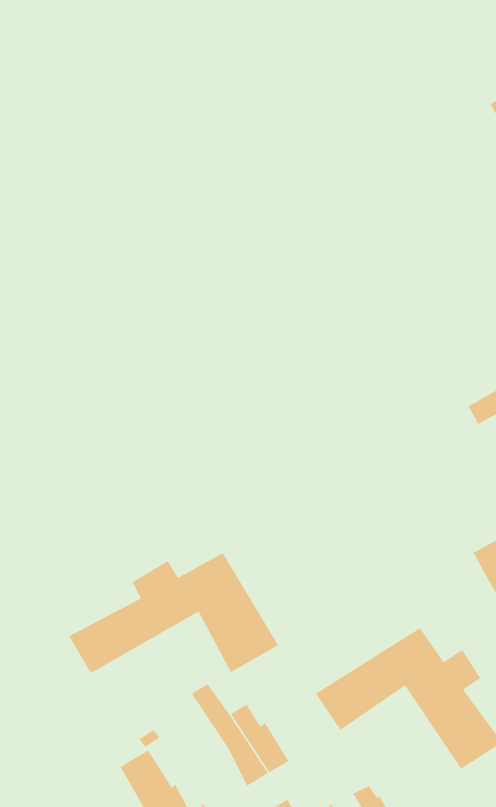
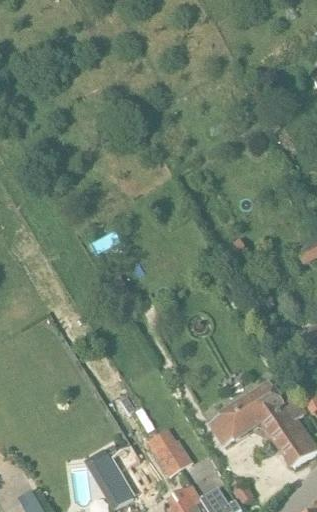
building: [68,552,279,674] -> none

